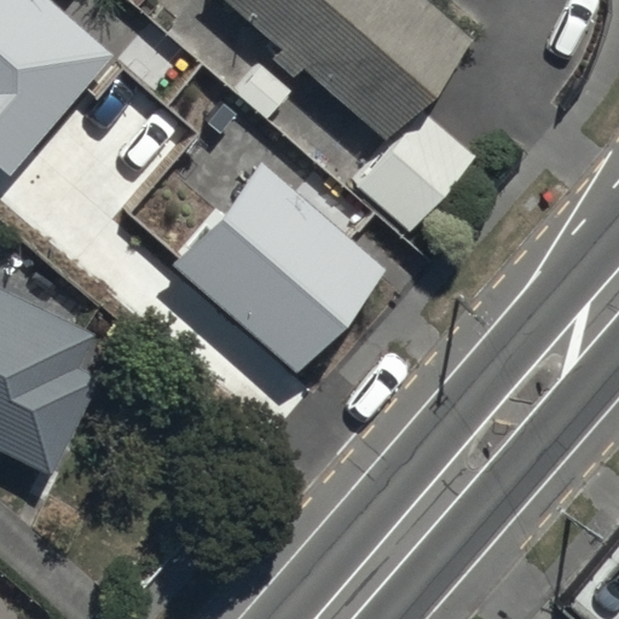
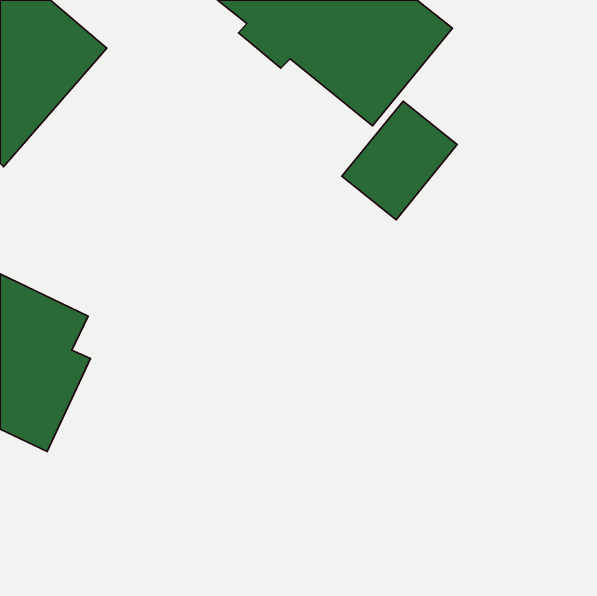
building: [173,166,383,372] -> none

